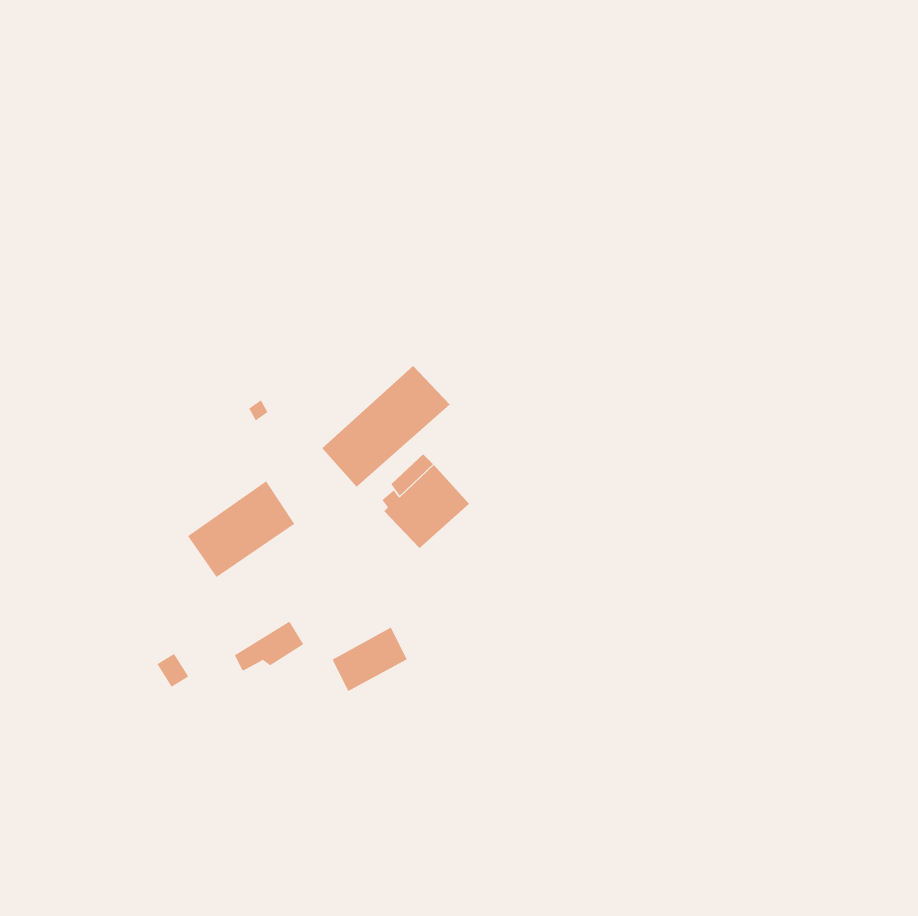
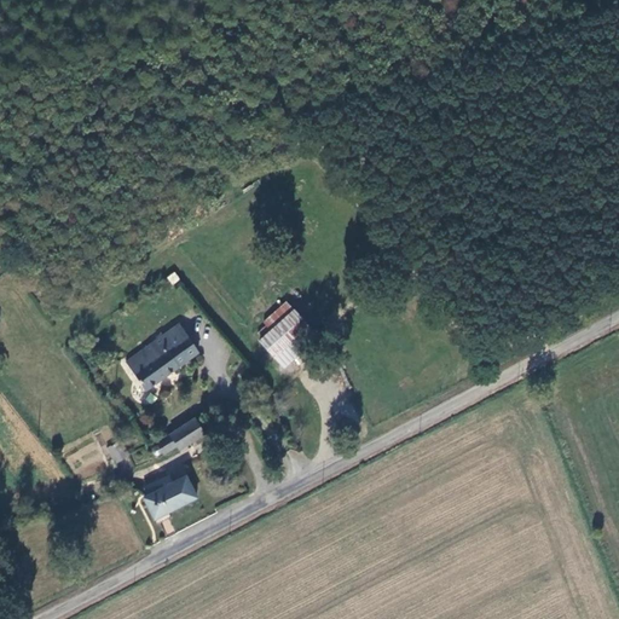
building: [321,365,450,488] -> none
building: [332,627,407,692] -> [149,473,199,516]

